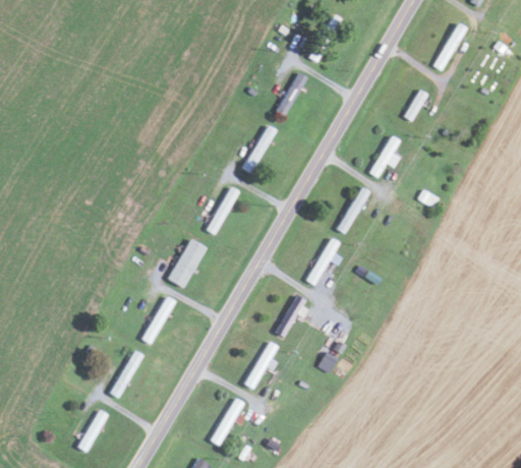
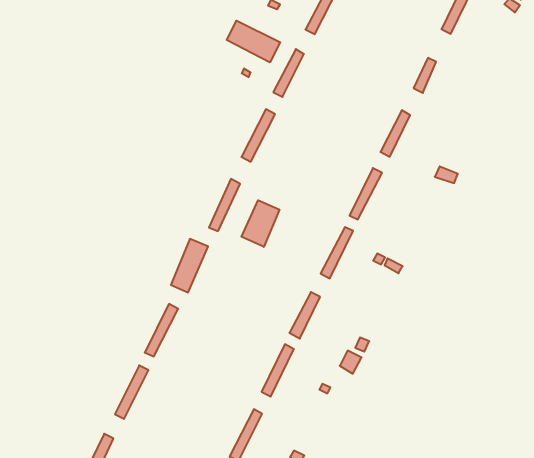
building: none -> [227,21,280,62]
building: none -> [241,200,279,247]

